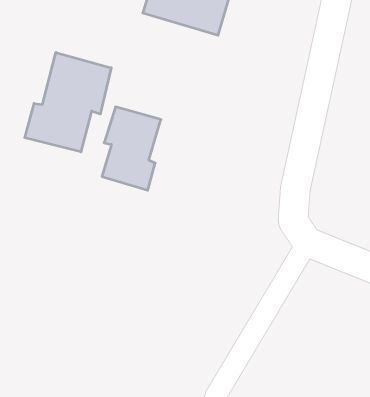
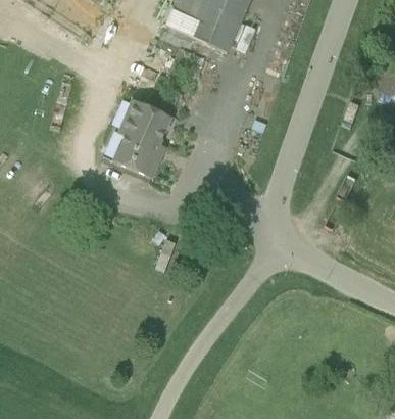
building: [25,52,111,152] -> none

